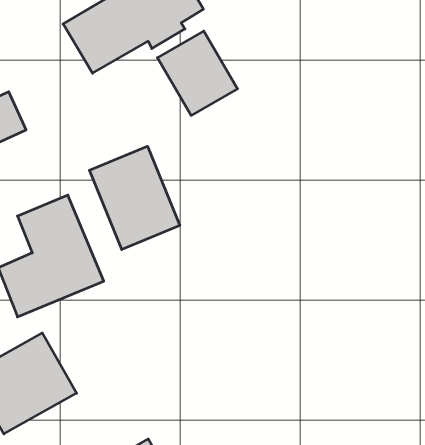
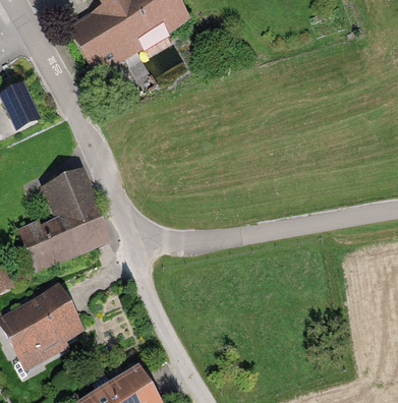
building: [157,31,238,115] -> none
building: [89,146,180,250] -> none

